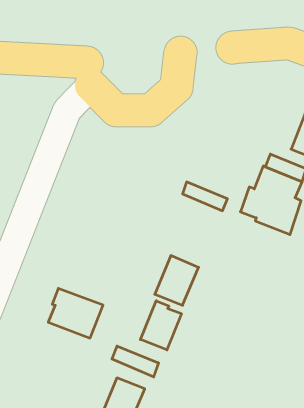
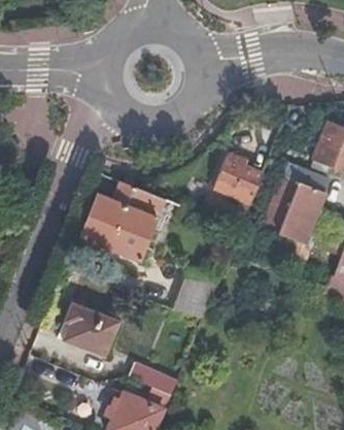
building: none -> [214,154,265,202]
building: none -> [82,180,167,259]
building: [140,301,181,350] -> none

